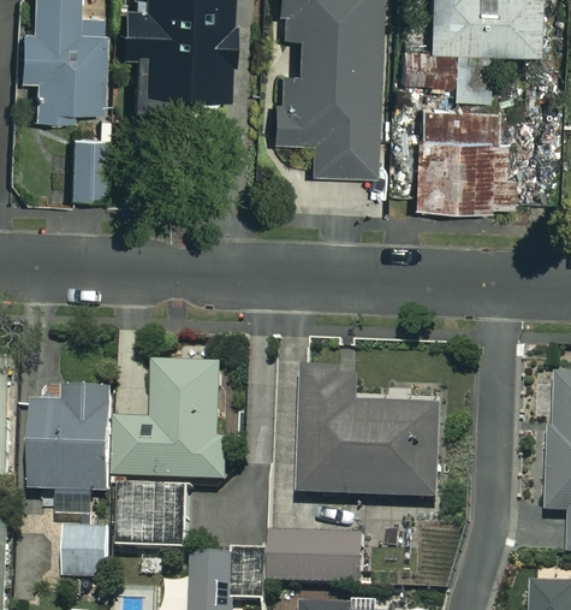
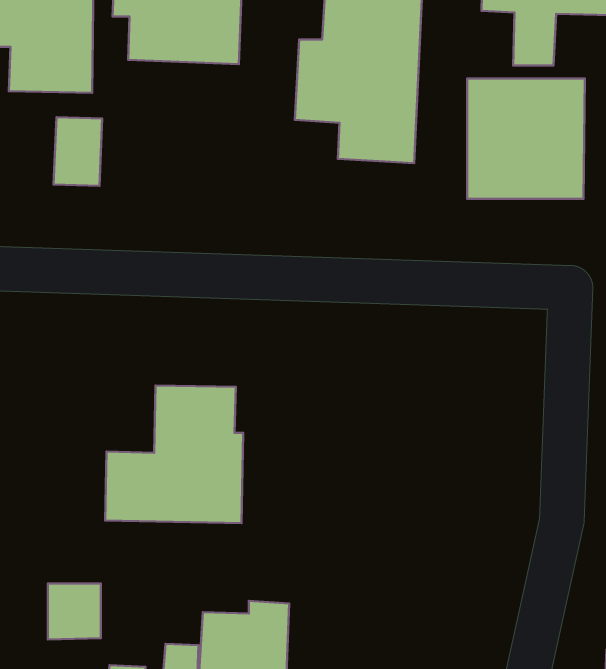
building: [299,371,439,496] -> none
building: [31,386,115,490] -> none
building: [120,482,189,546] -> none
building: [270,529,362,580] -> none

